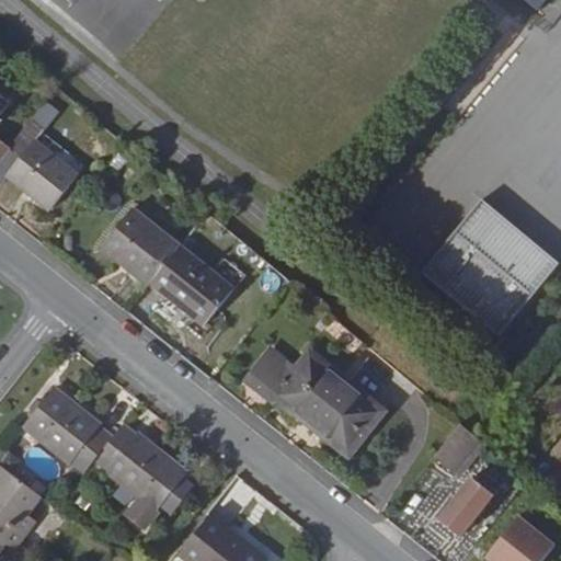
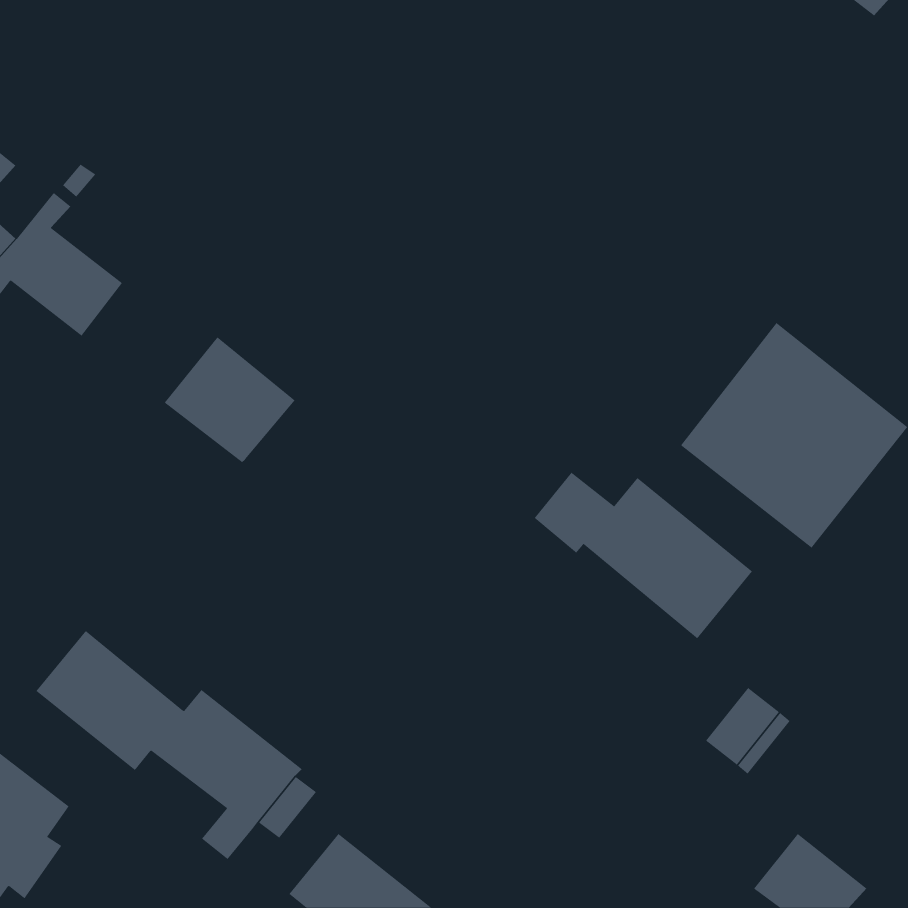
building: [151,245,234,325] -> none
building: [247,350,381,453] -> [534,472,753,639]
building: [432,477,494,542] -> none

